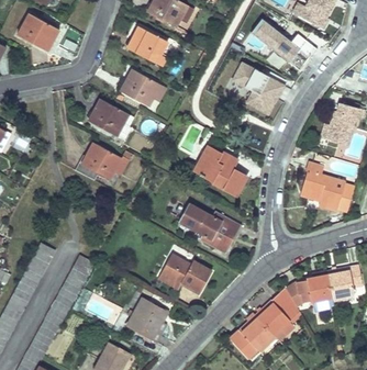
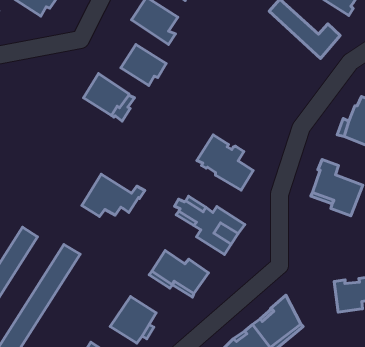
building: [230,63,285,115] -> none
building: [77,142,133,180] -> [82,174,145,216]
building: [305,271,332,302] -> none

